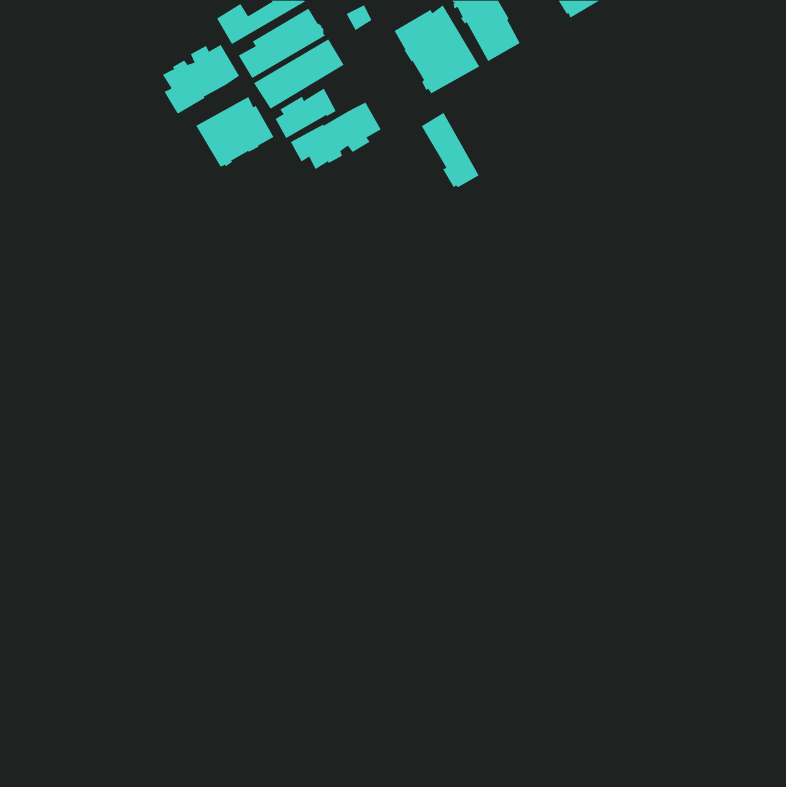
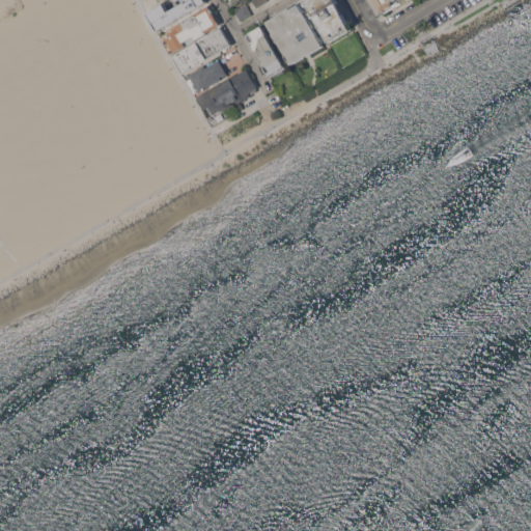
building: [162,44,240,115] -> none
building: [196,96,274,168] -> none
building: [421,112,479,188] -> [245,26,284,77]

